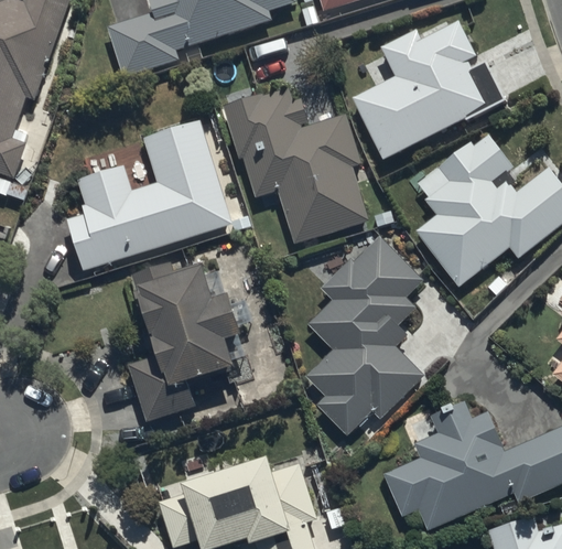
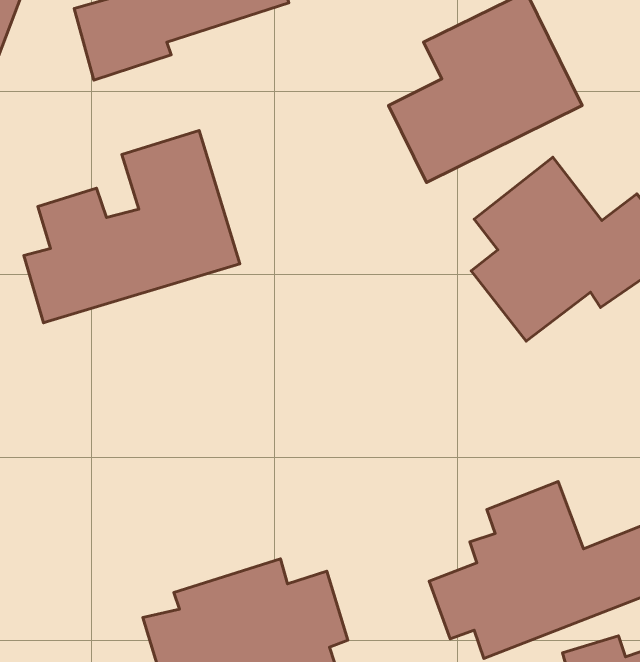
building: [225,79,369,244] -> none
building: [305,236,425,438] -> none
building: [128,257,239,420] -> none

